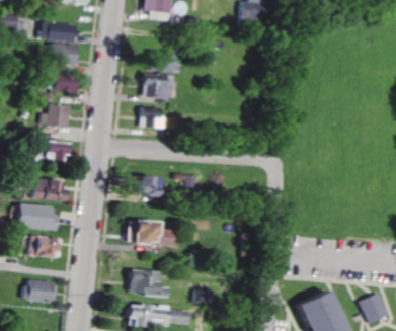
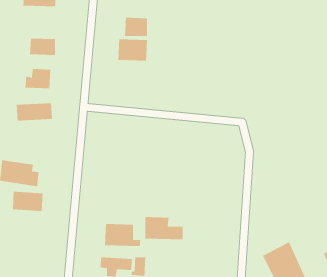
building: [50,44,79,63] -> none
building: [140,107,165,128] -> none
building: [134,176,155,196] -> none
building: [32,179,64,200] -> none
building: [129,220,170,245] -> [145,216,184,240]
building: [25,280,59,302] -> none

